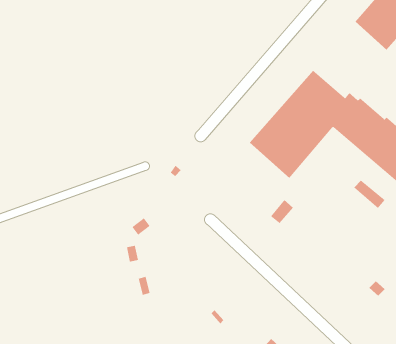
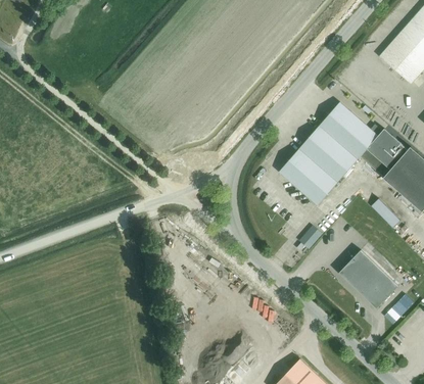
building: none -> [339,249,398,307]

